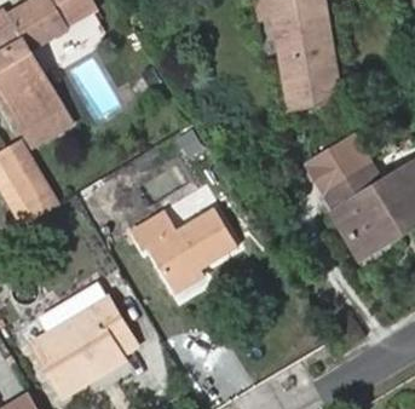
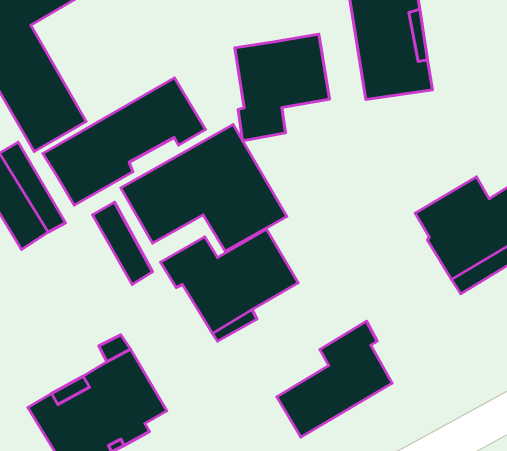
building: none -> [235,34,330,141]
building: none -> [43,78,206,205]
building: [307,134,373,195] -> none
building: none -> [277,321,392,437]

